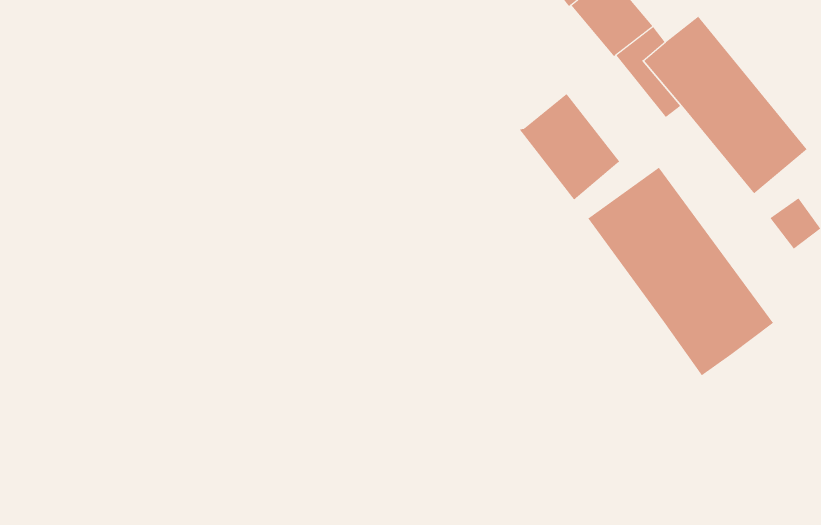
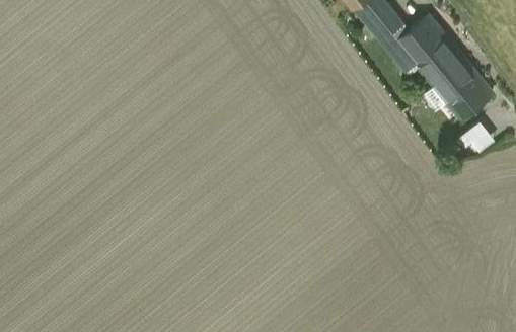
building: [519,93,620,200] -> none
building: [588,167,774,376] -> none

